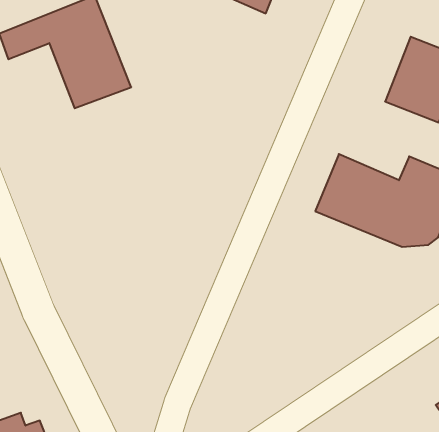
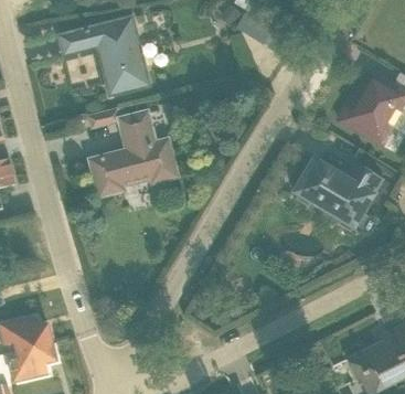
building: none -> [84,110,178,195]

